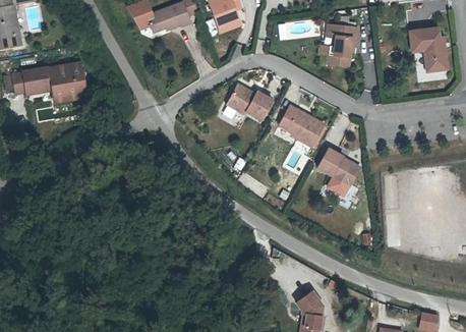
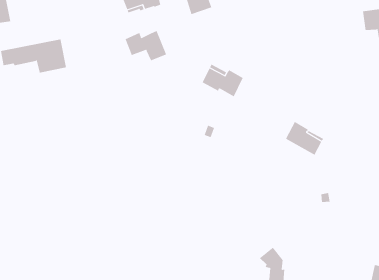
building: [328,23,357,65] -> none
building: none -> [125,30,167,61]
building: [284,109,329,151] -> none

